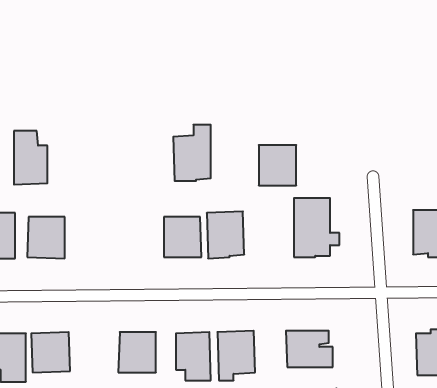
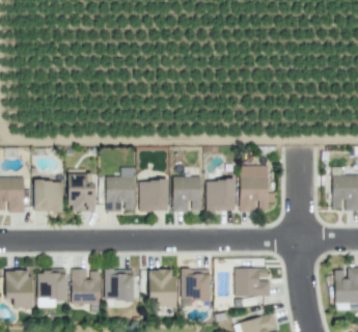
building: [173,125,211,181] -> [106,168,135,212]
building: [14,131,47,185] -> [70,171,95,213]
building: [259,145,296,185] -> [206,181,236,212]
building: none -> [72,270,101,305]

